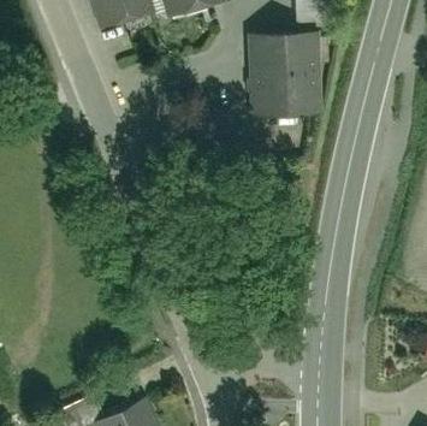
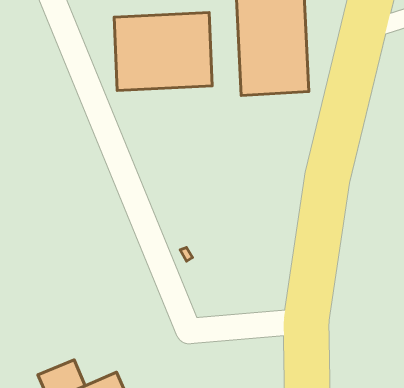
building: none -> [114,13,212,90]

